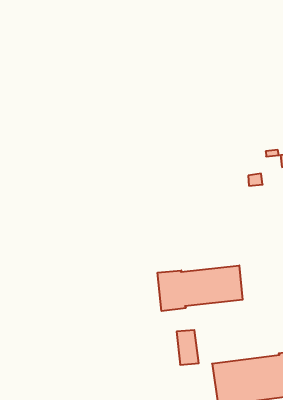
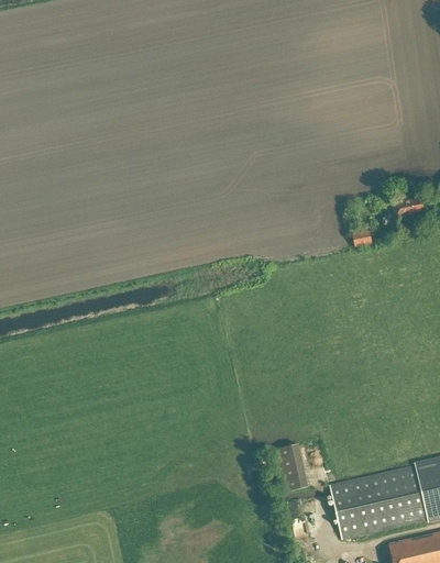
building: [158,265,243,311] -> none

